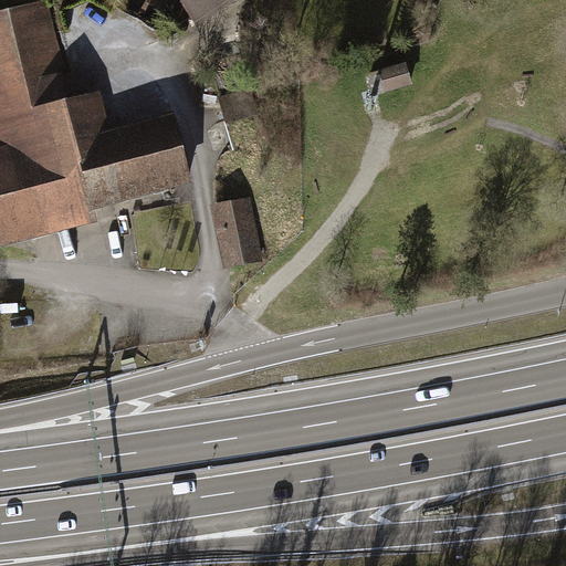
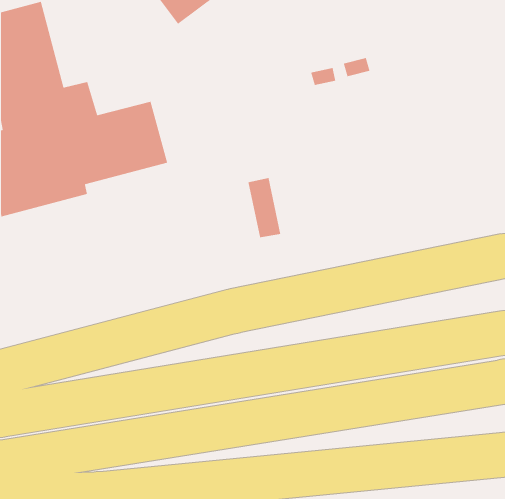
building: [212,200,250,269] -> [248,177,281,238]

